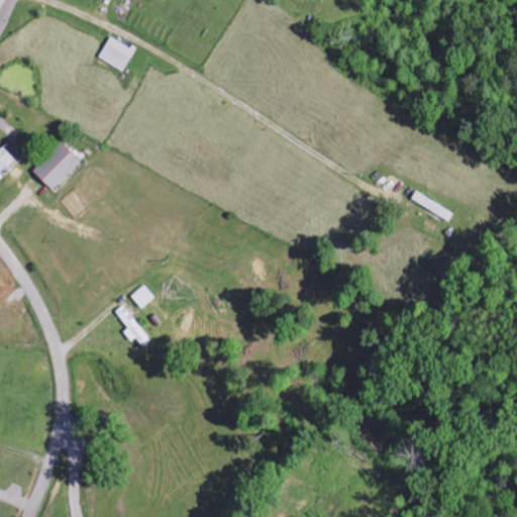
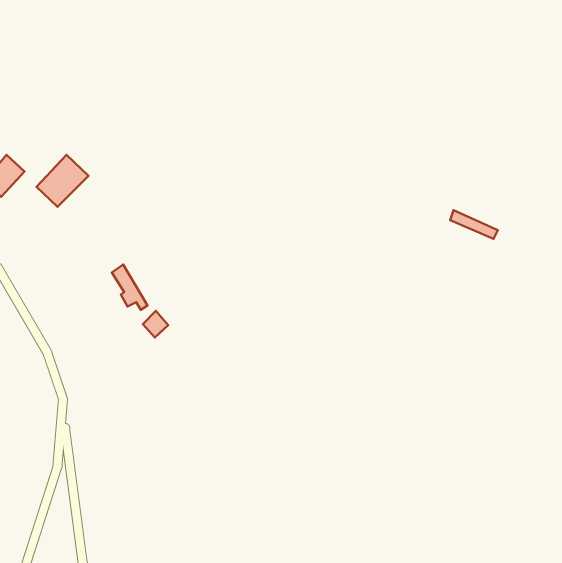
building: [97,36,134,72] -> none
building: [115,303,147,344] -> [112,265,147,310]

